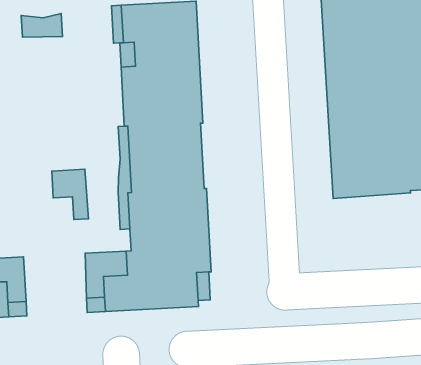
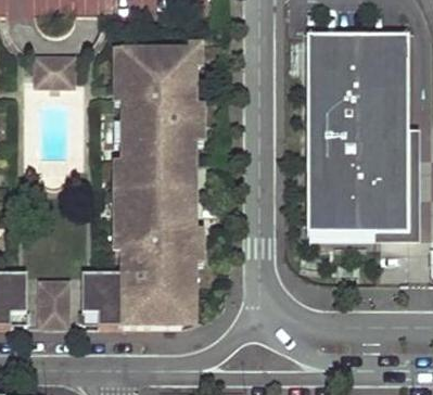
building: [52,169,88,220] -> none
building: none -> [39,281,69,323]

